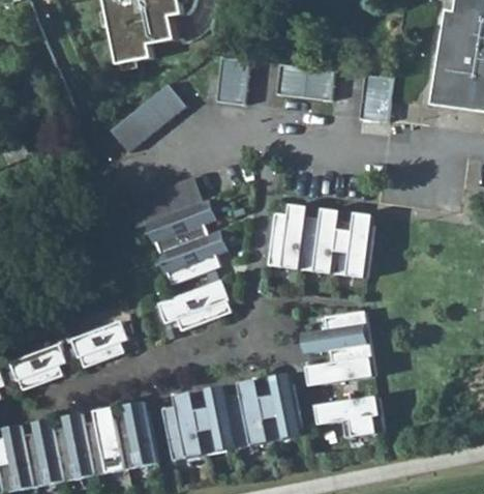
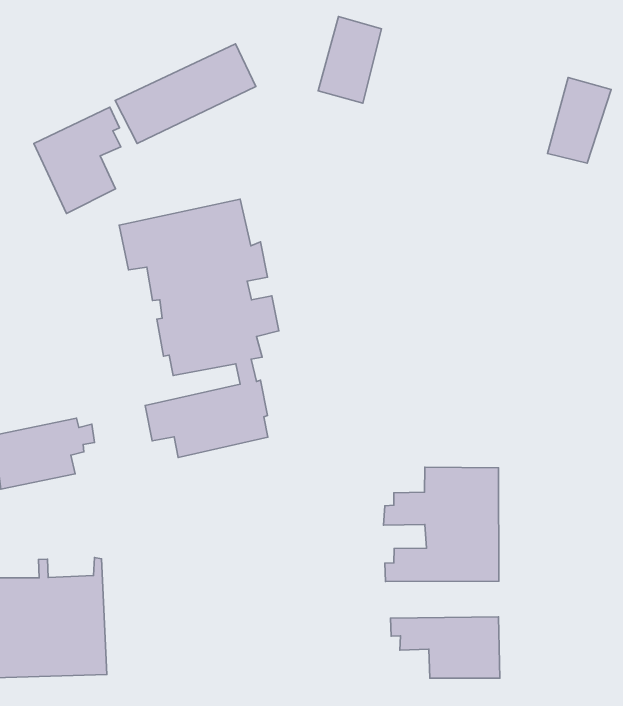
building: [283,68,338,106] -> none
building: none -> [34,107,121,213]
building: [267,199,374,275] -> none
building: [156,372,297,461] -> none

